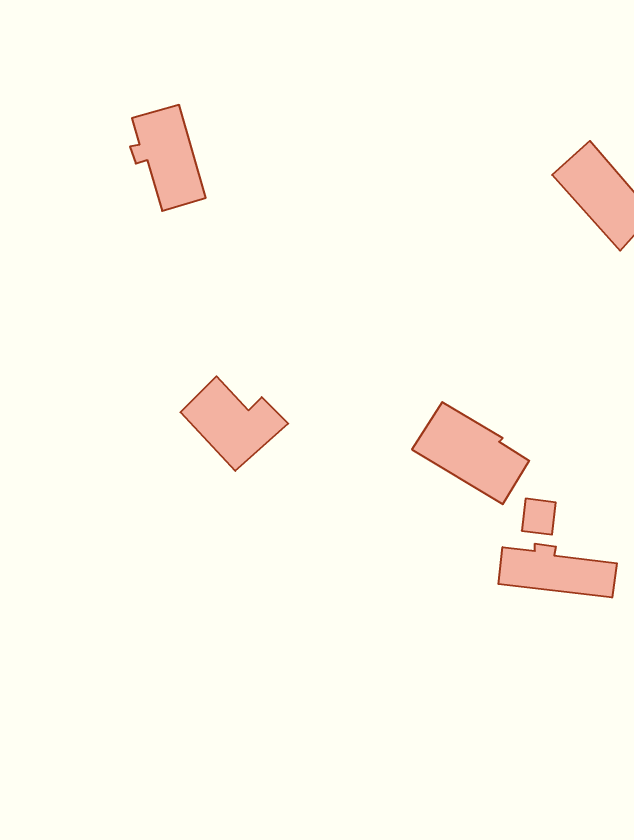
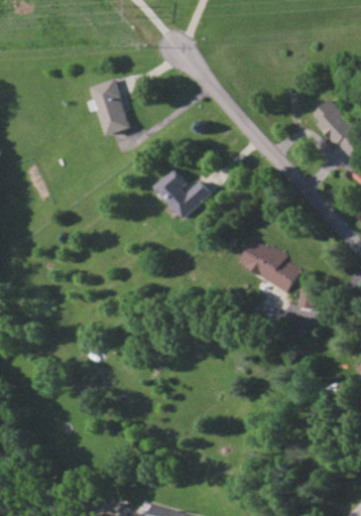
building: [180,376,288,471] -> [154,168,212,219]
building: [498,544,617,598] -> none

